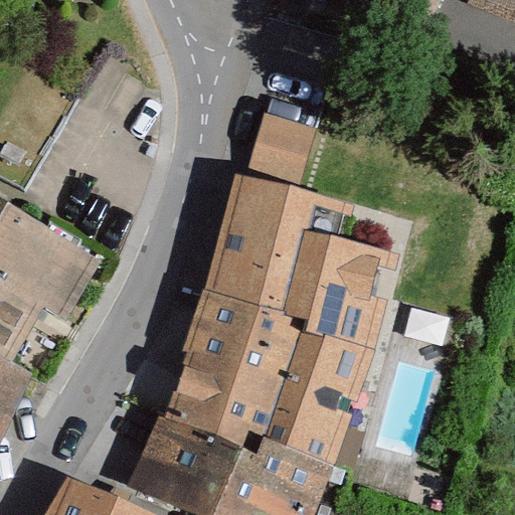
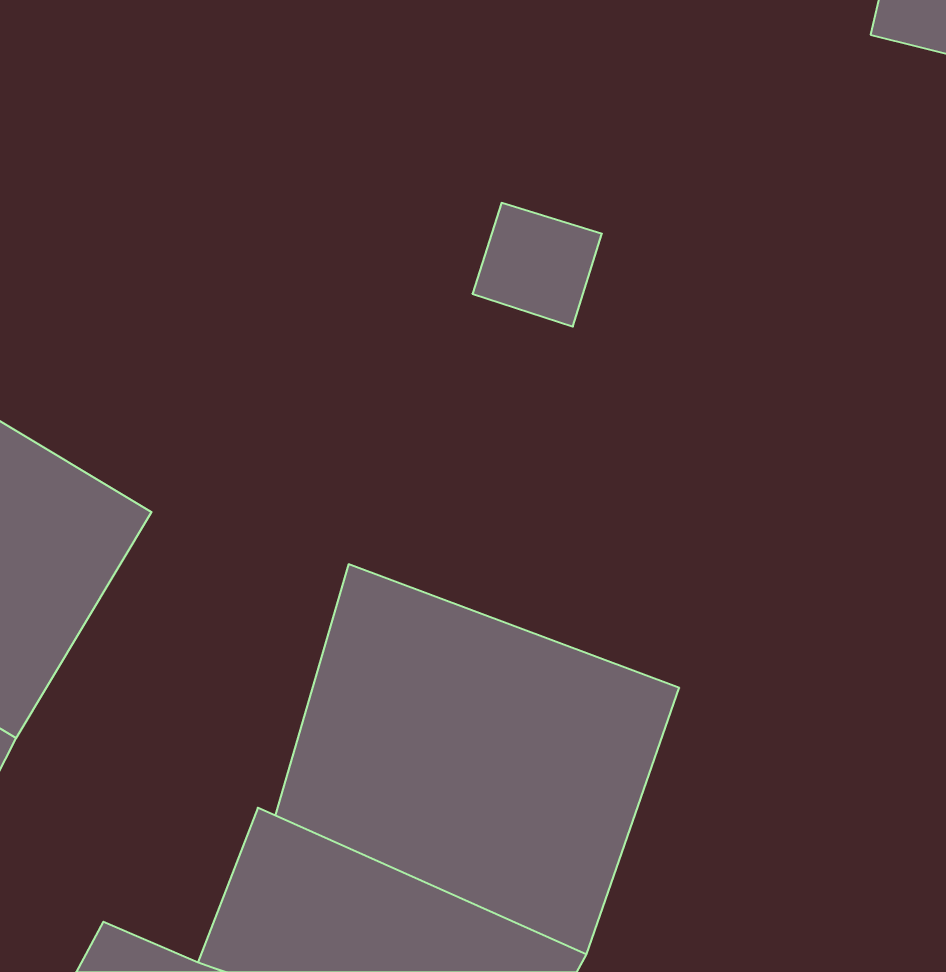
building: [200,178,385,358] -> none

